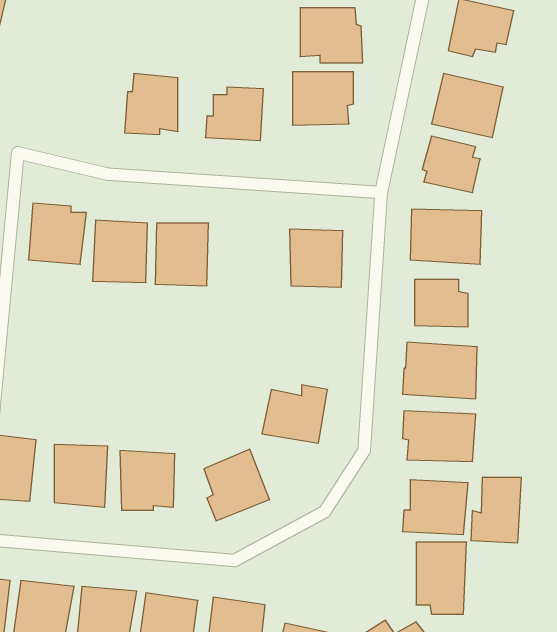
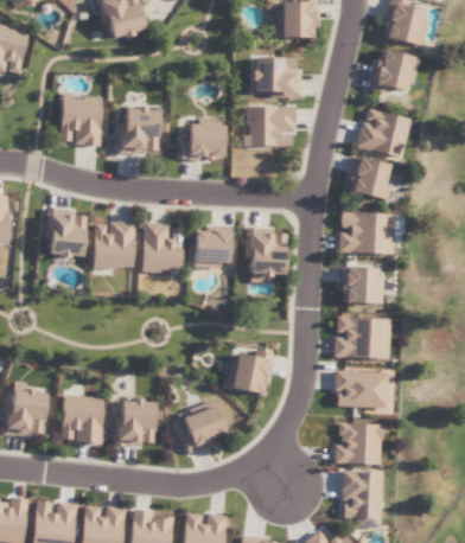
building: none -> [59,94,103,145]
building: none -> [193,224,232,266]
building: [471,477,521,543] -> none

